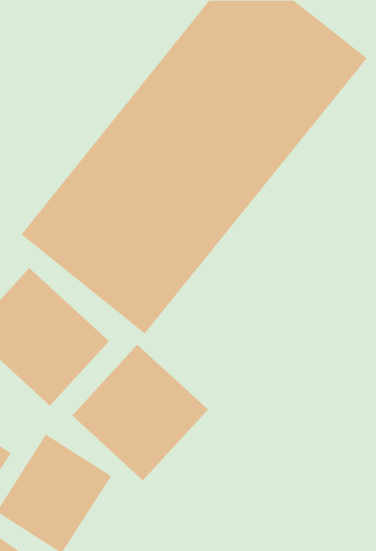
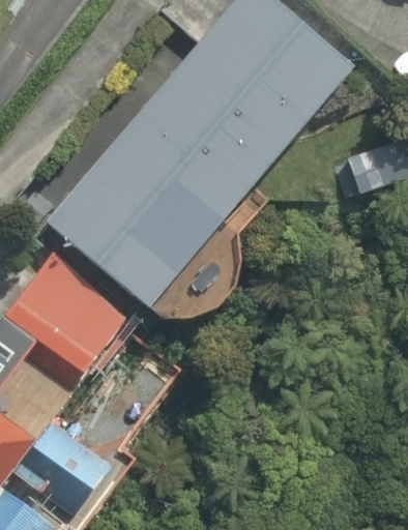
building: [71,344,209,481] -> none

